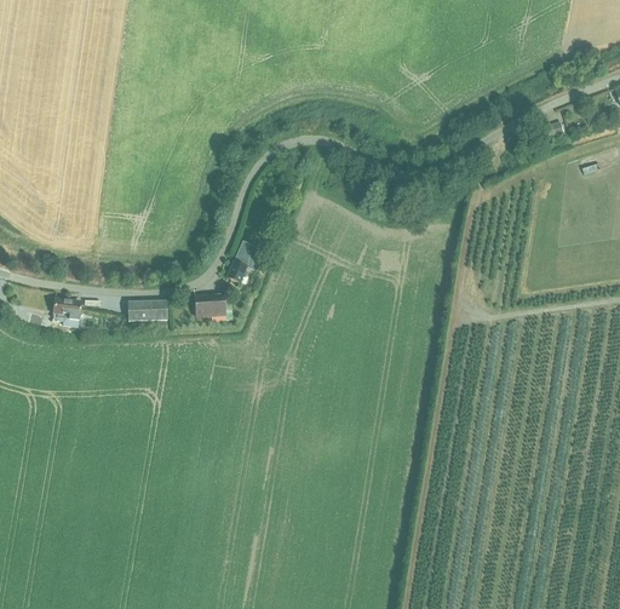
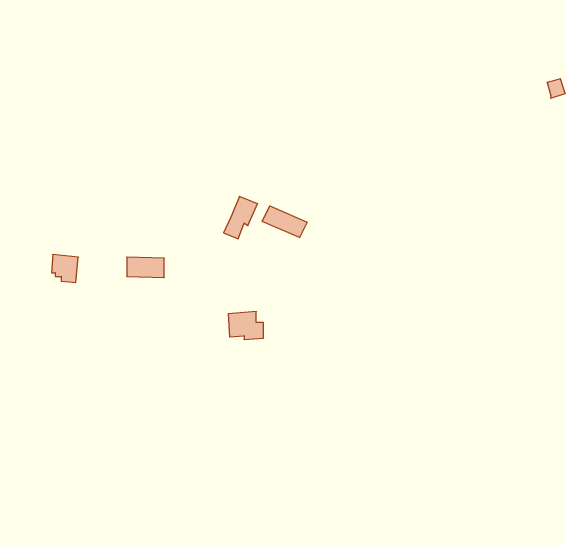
building: none -> [262,206,307,238]
building: [196,292,231,320] -> [228,312,263,339]

